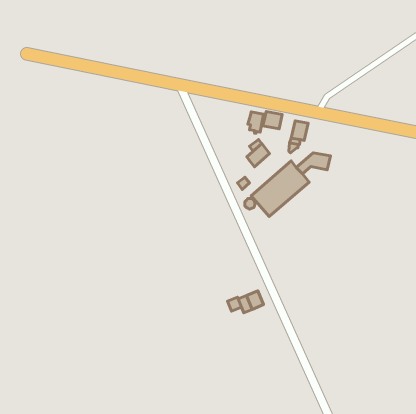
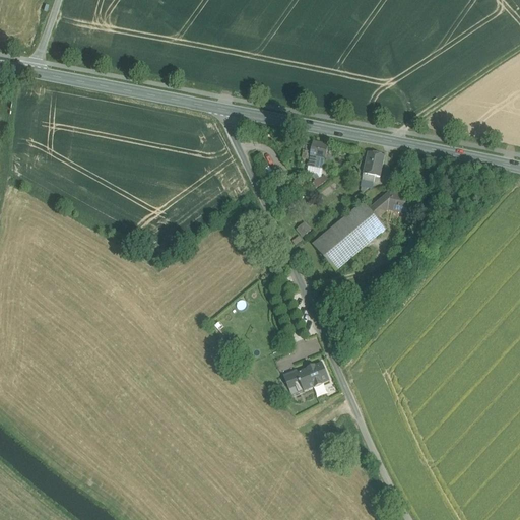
building: [263,112,282,129] -> none
building: [247,144,270,167] -> none

